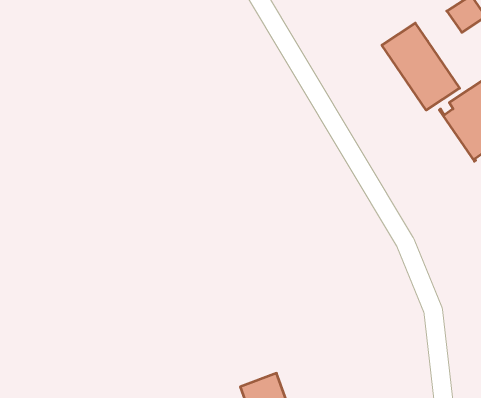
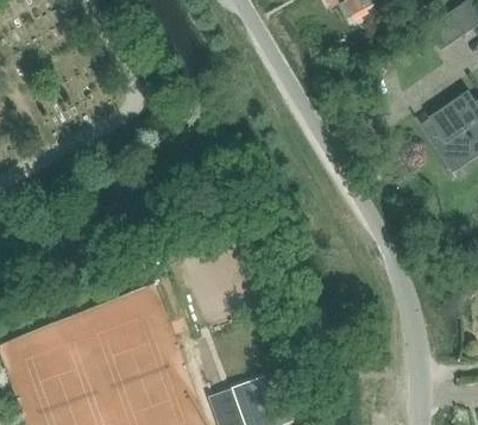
building: [382,23,460,110] -> none

